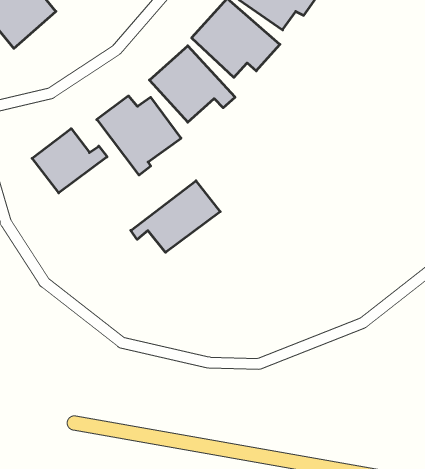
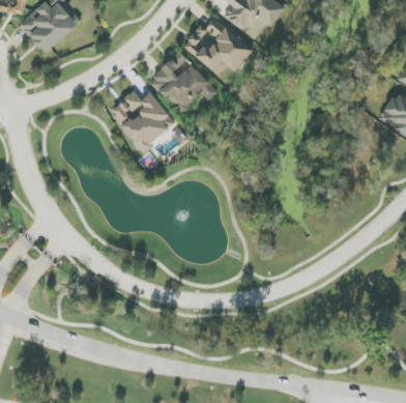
building: [32,129,107,193] -> none
building: [131,181,220,252] -> none

